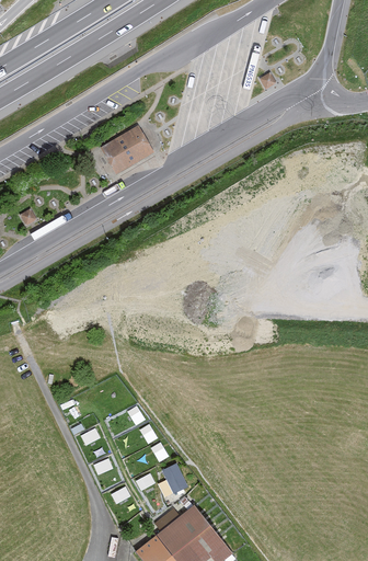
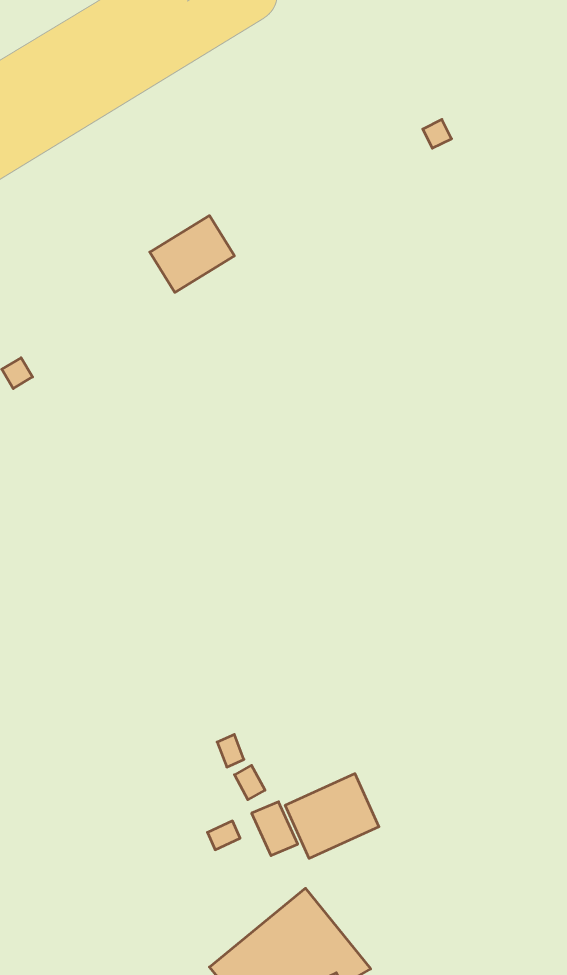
building: none -> [285,774,379,858]

